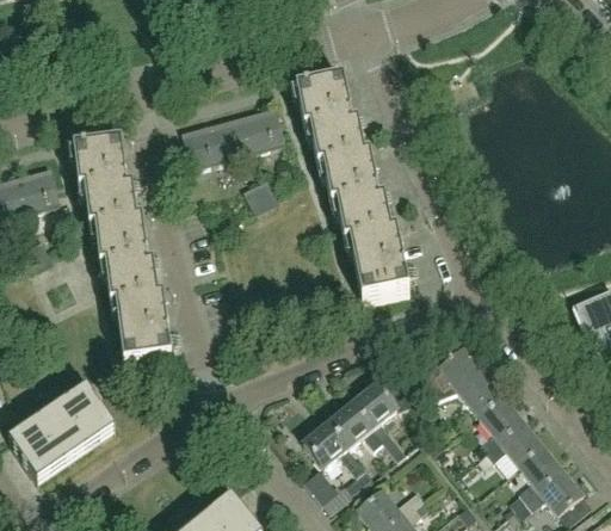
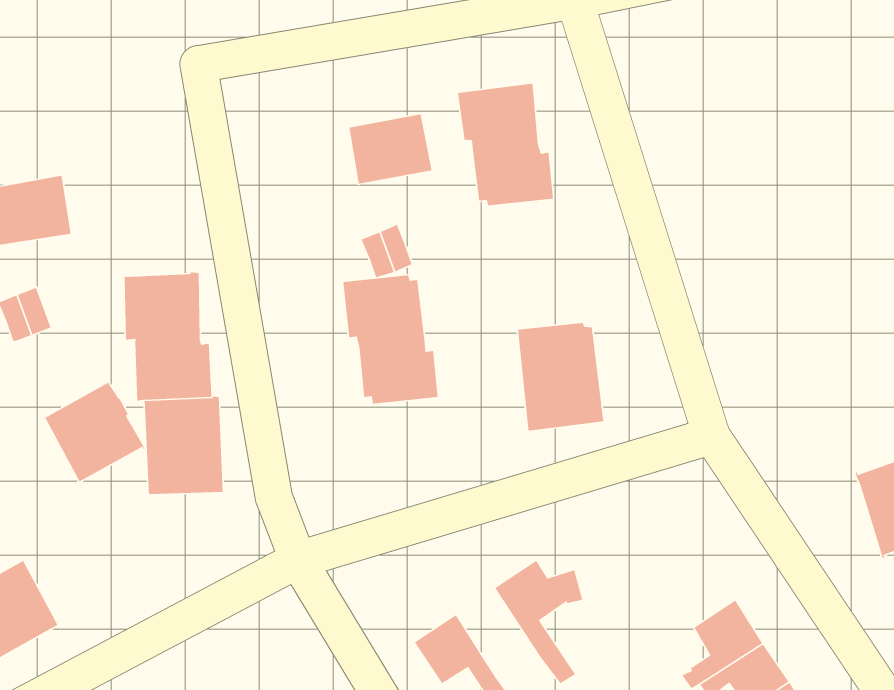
building: [183,118,239,166] -> none
building: [74,142,137,228] -> none
building: [322,152,390,236] -> [343,275,439,404]
building: [406,347,504,415] -> none
building: [49,385,116,452] -> [44,380,146,483]
building: [327,402,383,449] -> none

